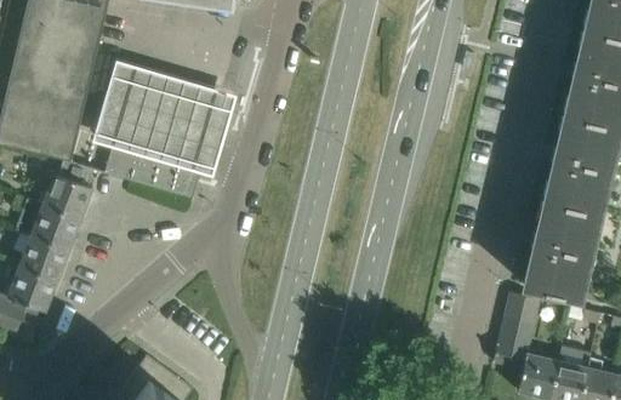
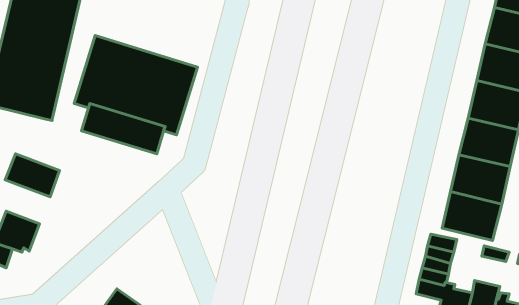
building: [41,160,93,219] -> none
building: [18,235,69,281] -> none

